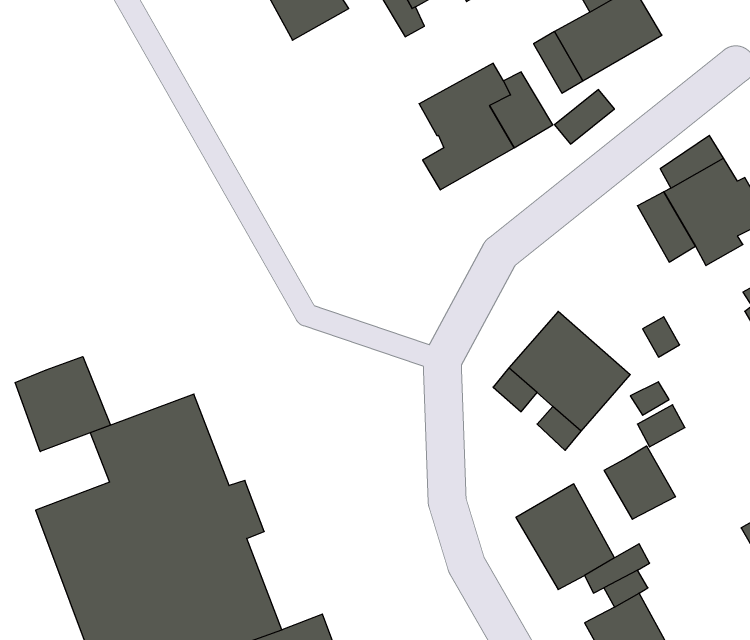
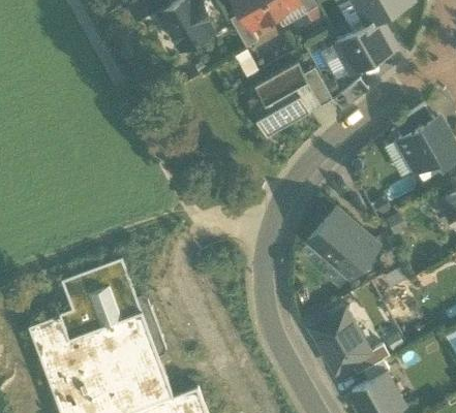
building: [15,357,111,452] -> none
building: [604,446,675,519] -> none

